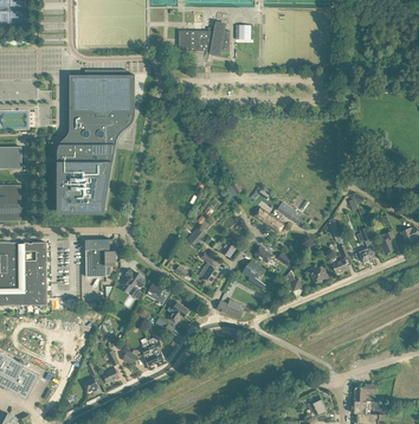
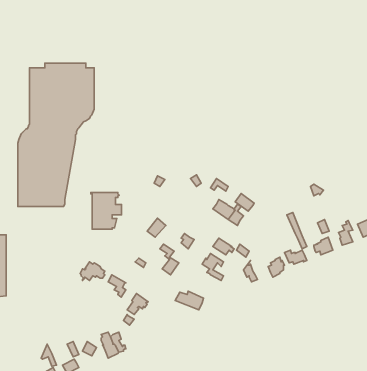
building: [178,23,230,54] -> none
building: [84,239,115,276] -> [91,193,121,229]

